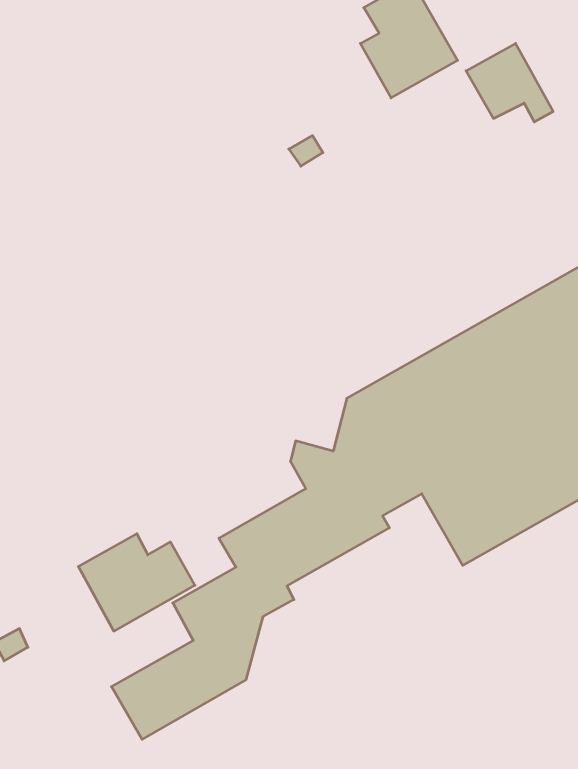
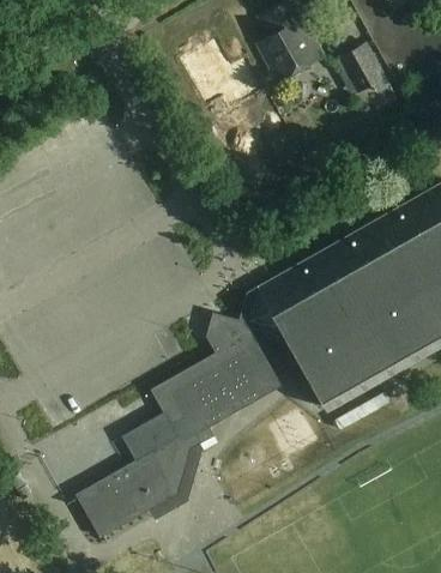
building: [78,534,195,631] -> none

